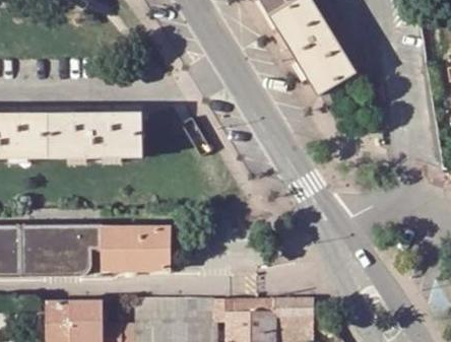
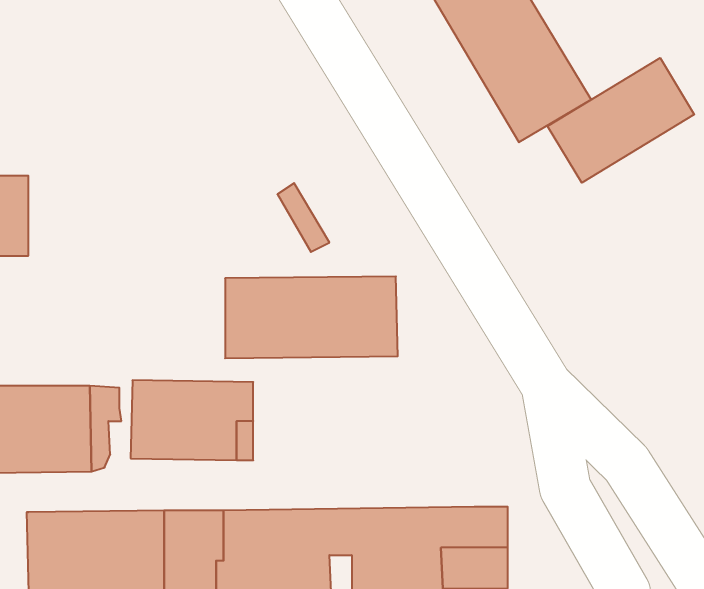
building: none -> [547,58,694,183]
building: [48,113,142,157] -> [225,276,398,358]

